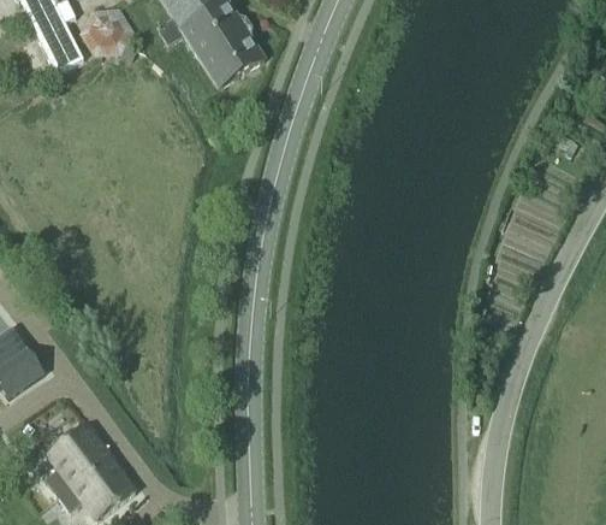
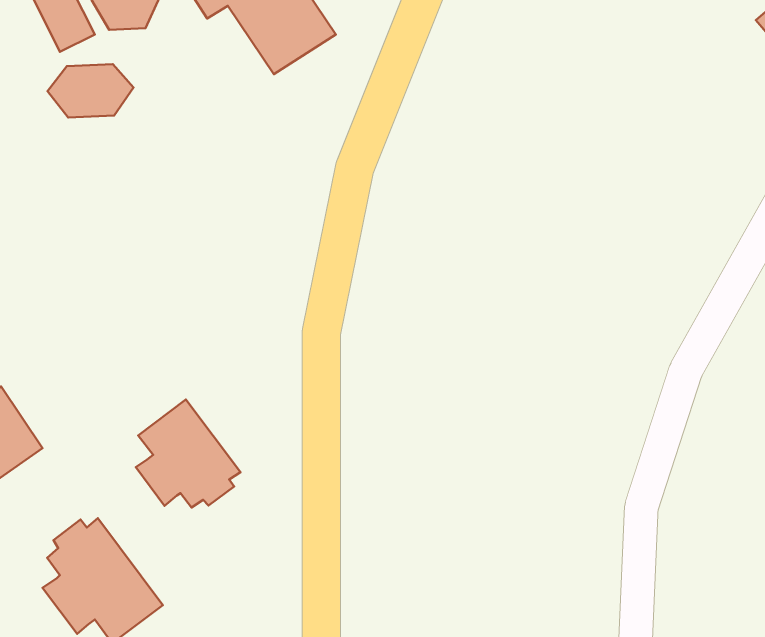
building: none -> [47,64,133,117]
building: none -> [136,400,241,508]

